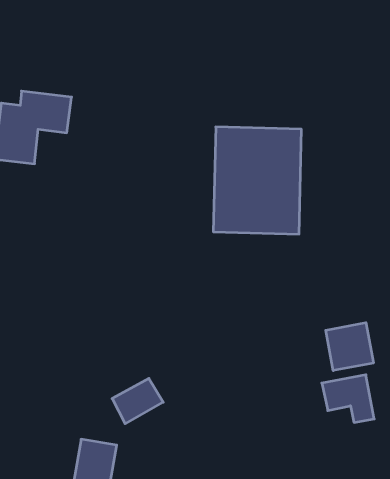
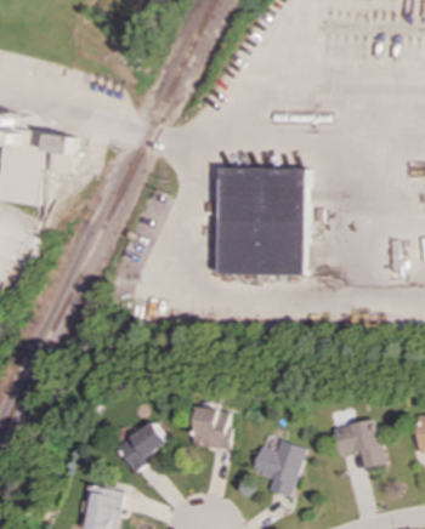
building: [326,323,373,371] -> none
building: none -> [191,406,231,450]
building: none -> [251,440,305,497]

